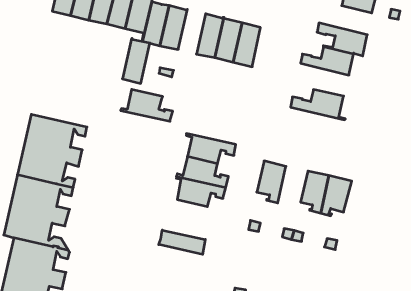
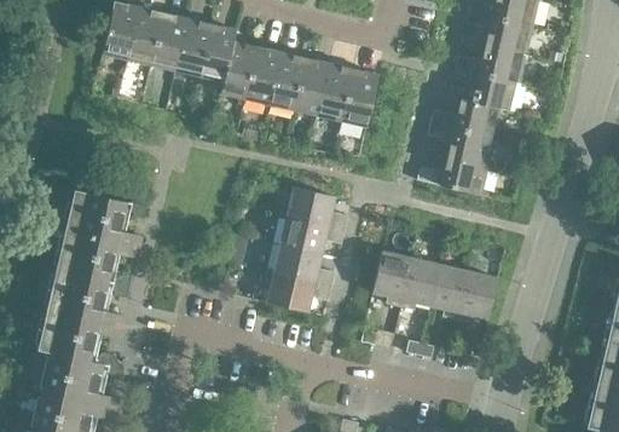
building: none -> [455,45,525,83]
building: [122,39,150,83] -> [268,50,305,109]
building: none -> [427,121,494,165]
building: [121,89,173,121] -> [279,186,348,229]
building: none -> [400,258,440,310]
building: [159,230,205,254] -> none

